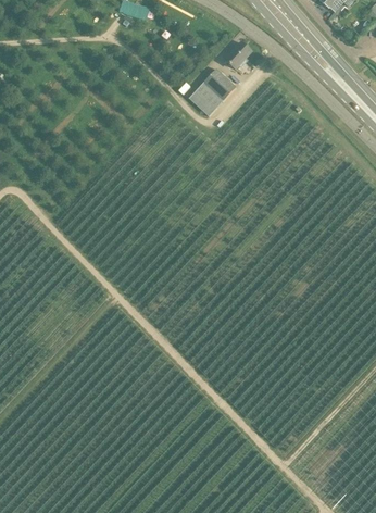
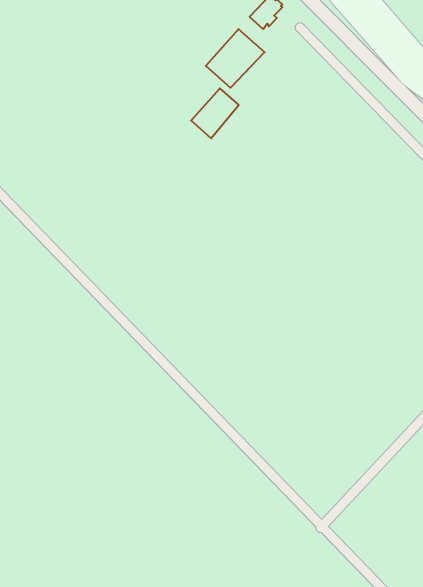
building: none -> [191,88,239,138]

